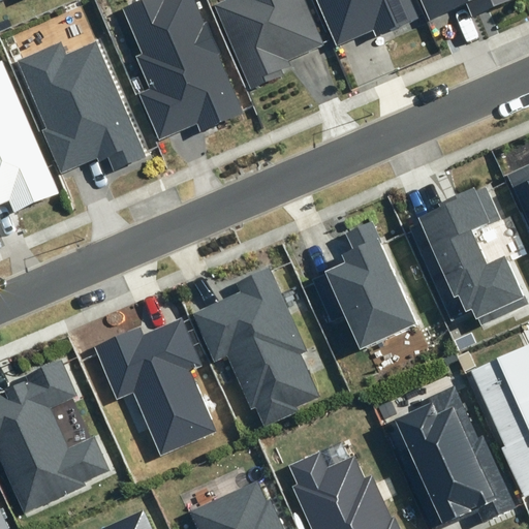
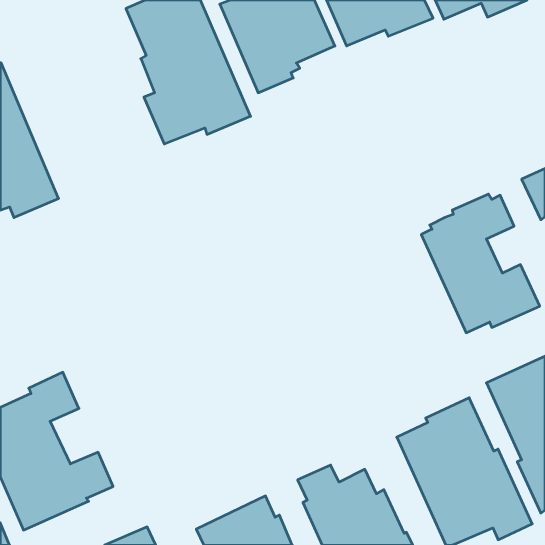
building: [15,40,150,174] -> none
building: [310,222,418,351] -> none
building: [193,268,320,426] -> none
building: [93,318,217,456] -> none

